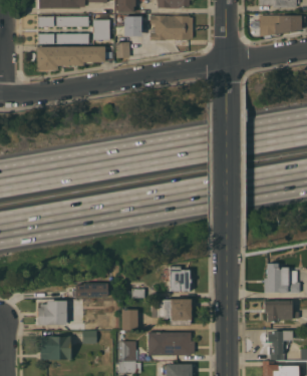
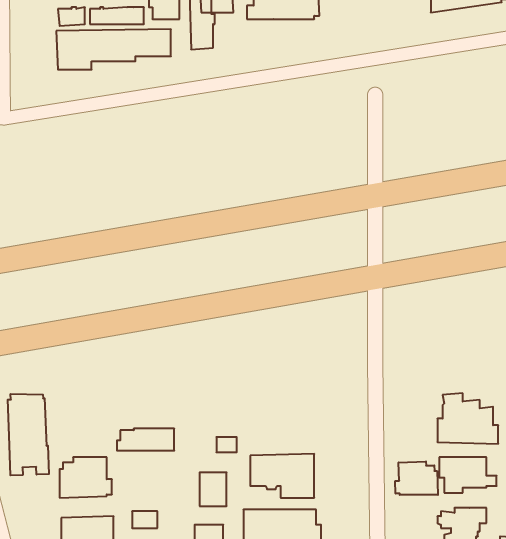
building: none -> [8,394,49,475]
building: [169,270,191,291] -> none
building: none -> [395,461,438,495]

